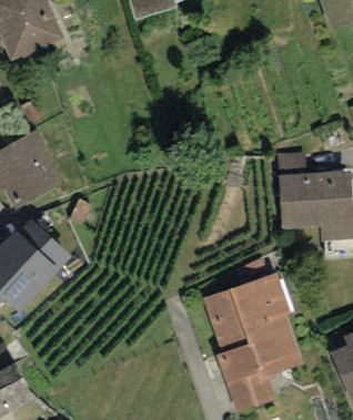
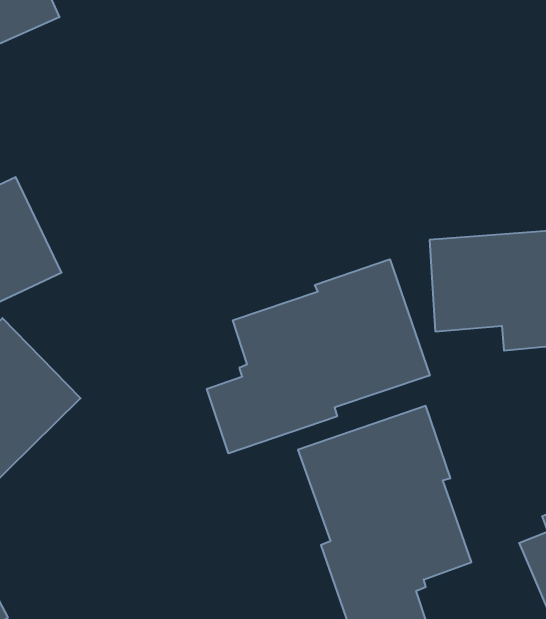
building: none -> [207,259,430,453]

